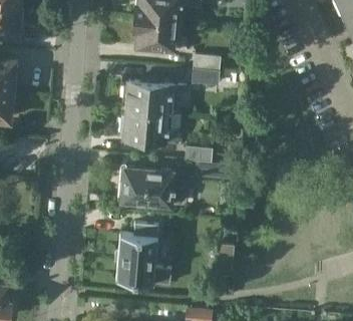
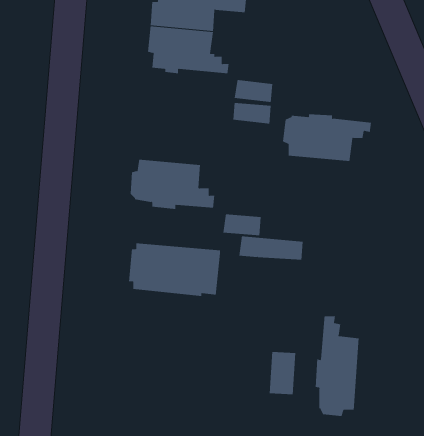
building: [123,82,186,115] -> [282,114,372,162]
building: none -> [315,315,359,417]
building: [116,225,172,287] -> none

